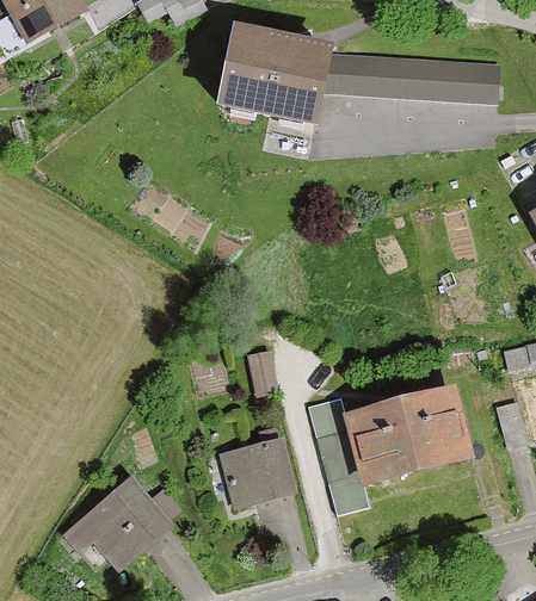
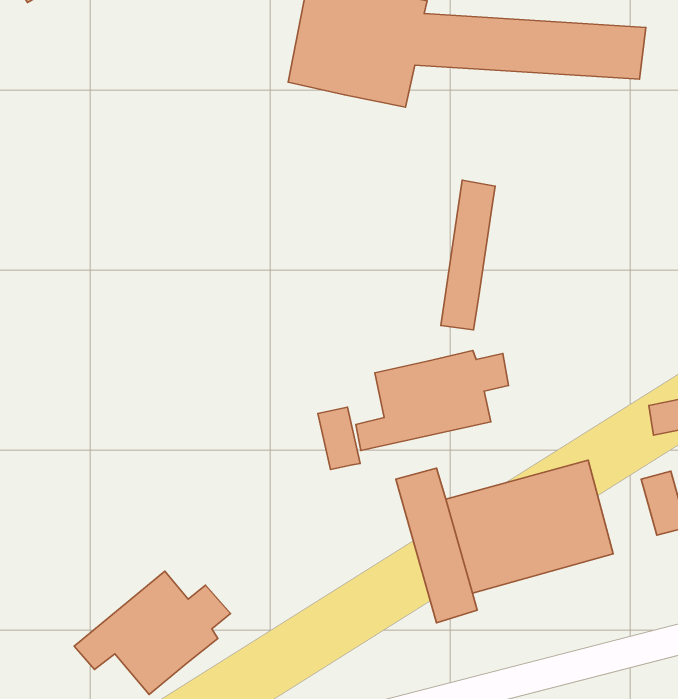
building: none -> [441,180,495,330]
building: none -> [356,350,509,451]
building: [221,439,296,509] -> none

